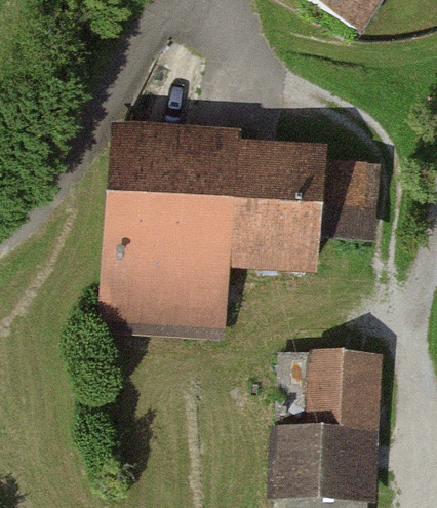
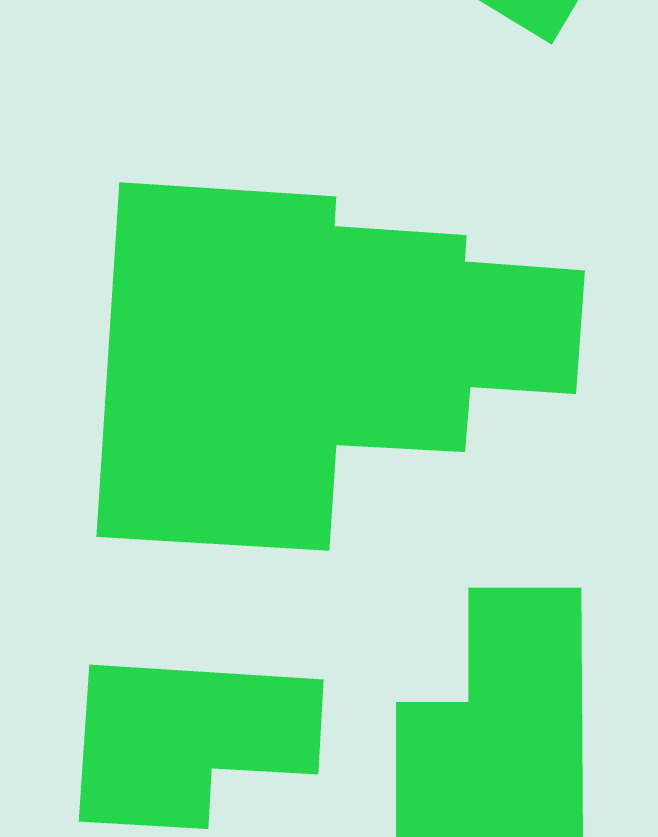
building: none -> [78,664,324,830]

